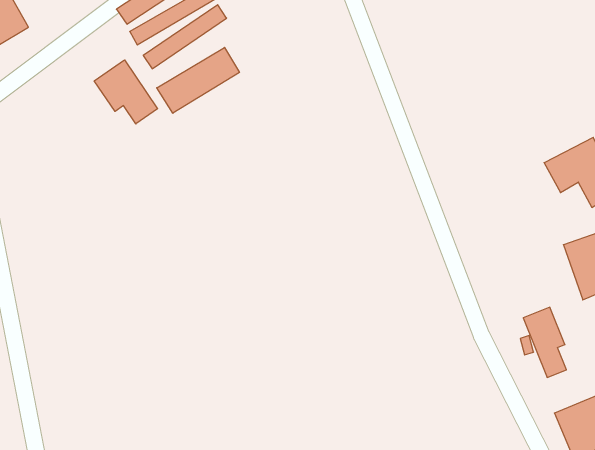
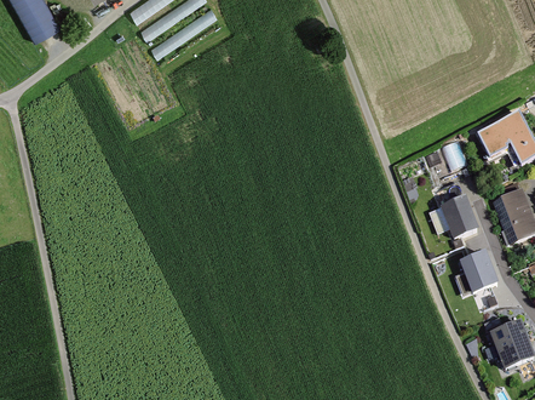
building: [157,47,239,113] -> none
building: [94,60,158,124] -> none
building: none -> [433,200,476,244]

